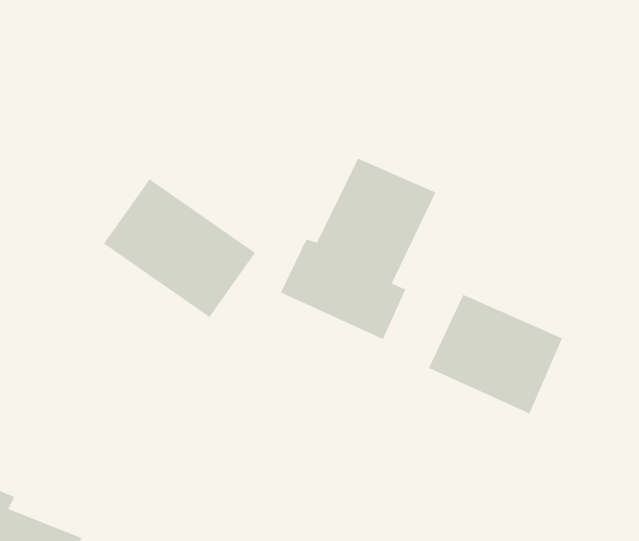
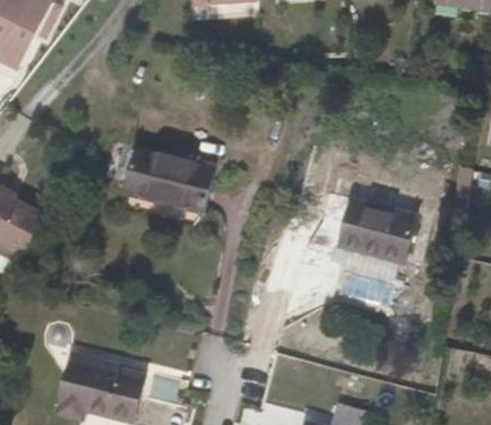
building: [280,158,436,340] -> none

